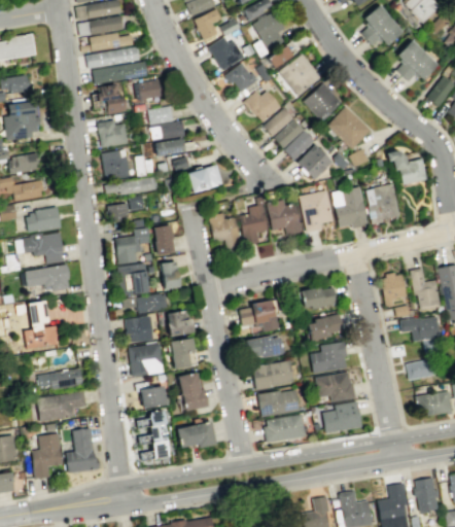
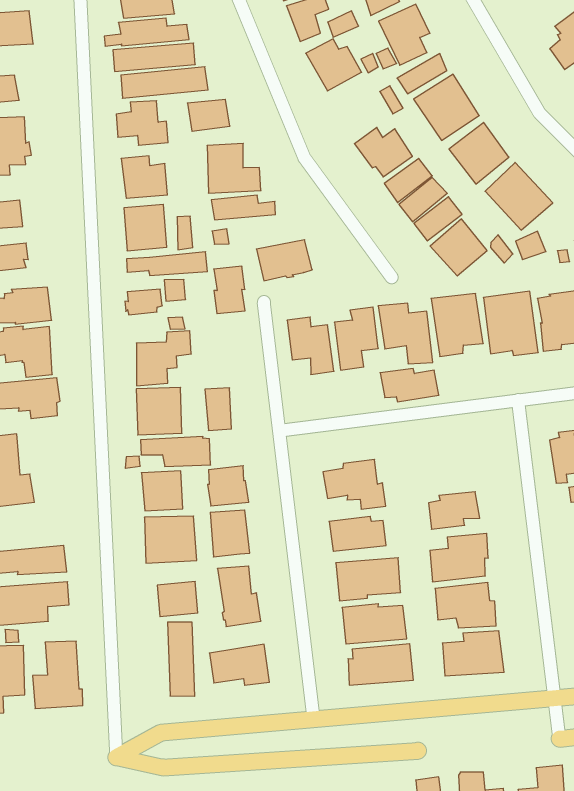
building: [225,63,259,92] -> none
building: [154,224,176,255] -> [214,266,245,314]
building: [301,287,339,309] -> [380,369,439,402]

